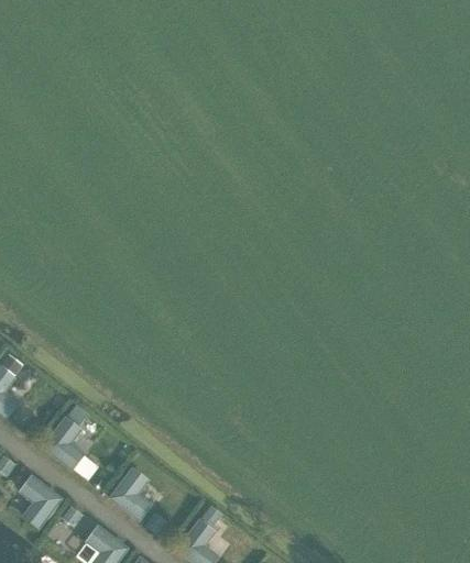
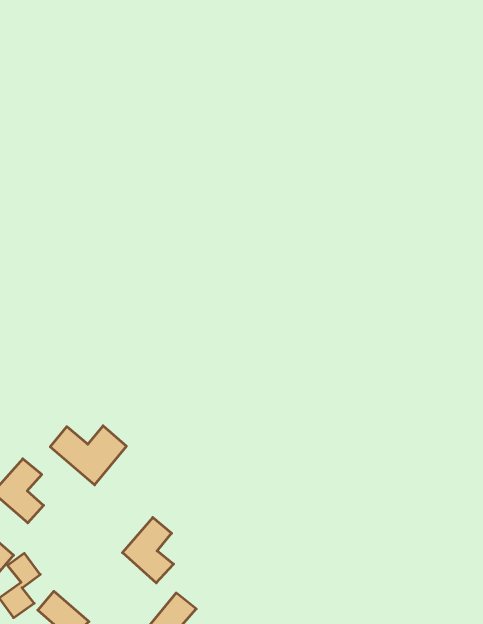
building: none -> [50,426,126,485]
building: [110,467,153,521] -> [122,517,174,583]

